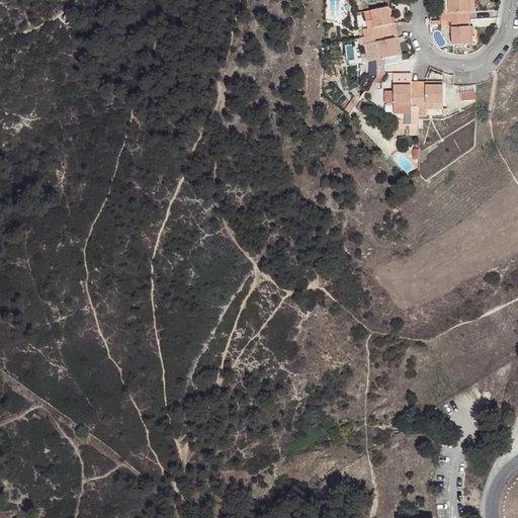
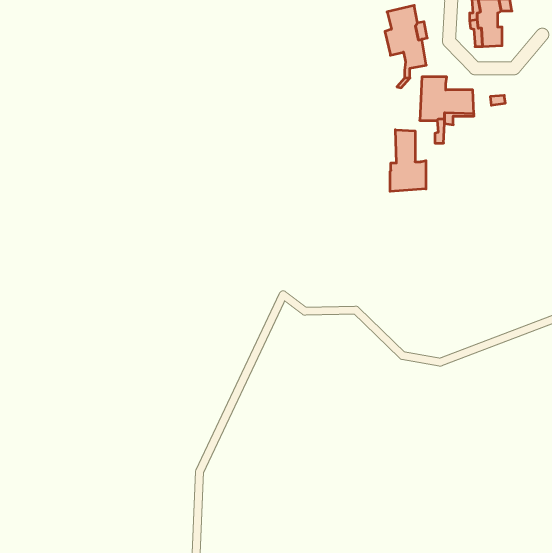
building: none -> [390,130,426,191]

